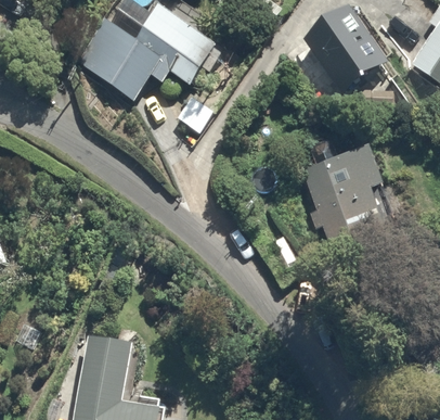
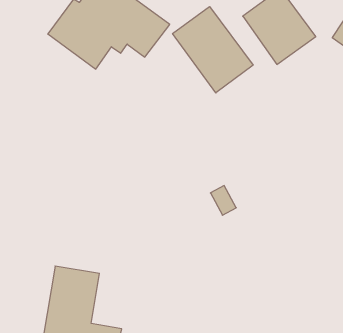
building: none -> [173,7,253,93]
building: [301,144,392,267] -> none

